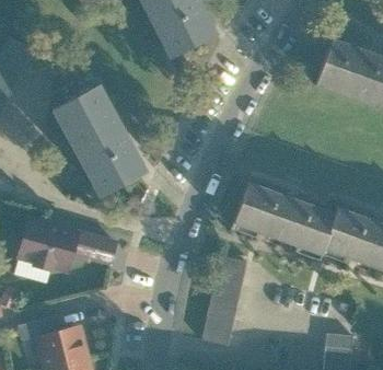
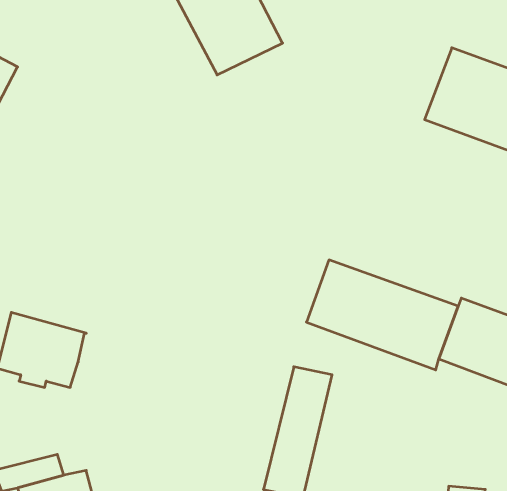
building: [54,84,144,195] -> none
building: [76,231,118,262] -> none

